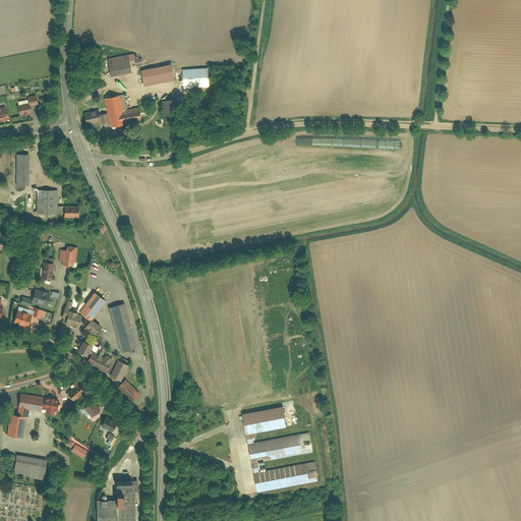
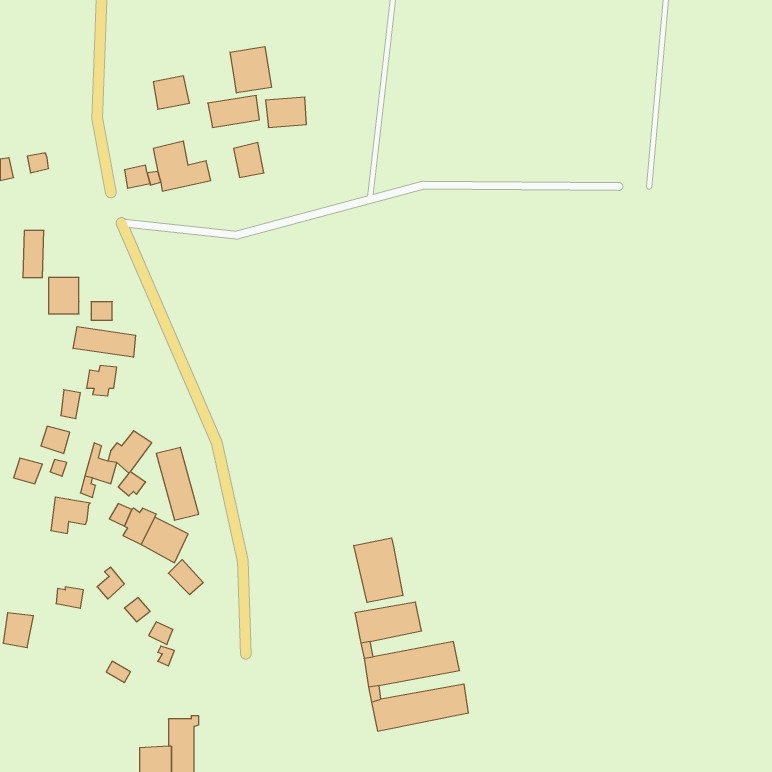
building: none -> [230,47,271,93]
building: none -> [73,327,136,357]
building: none -> [354,538,403,603]
building: [15,392,42,416] -> [51,497,90,533]
building: [11,455,45,480] -> none

